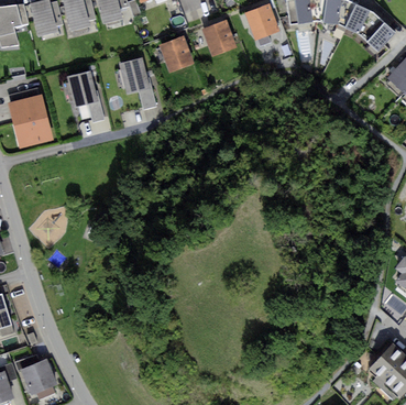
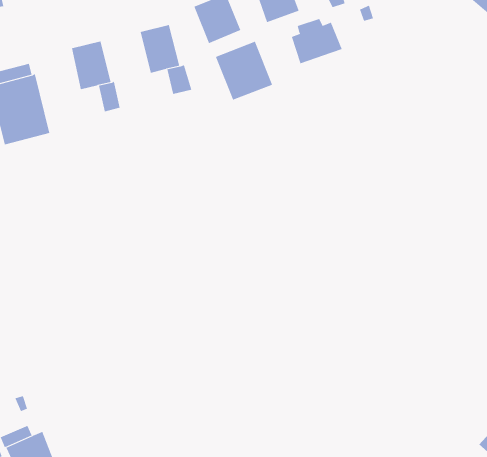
building: none -> [291,18,343,64]
building: none -> [215,41,273,101]

